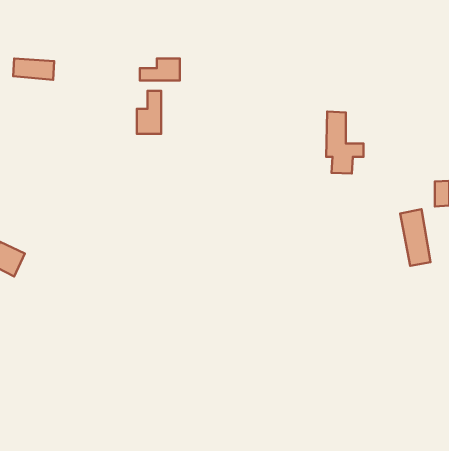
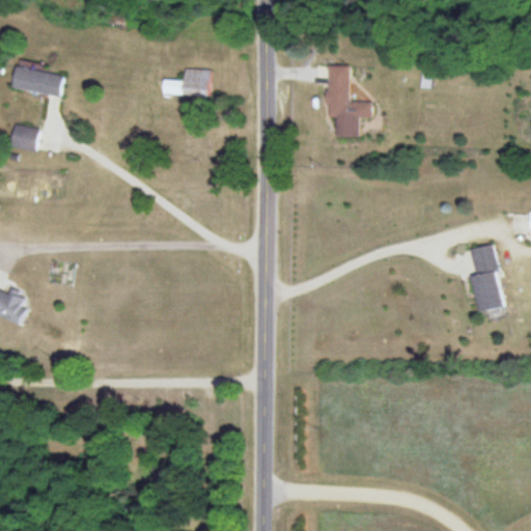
building: [137,91,161,134] -> none
building: none -> [9,125,38,151]
building: [326,112,363,174] -> [327,64,370,137]

